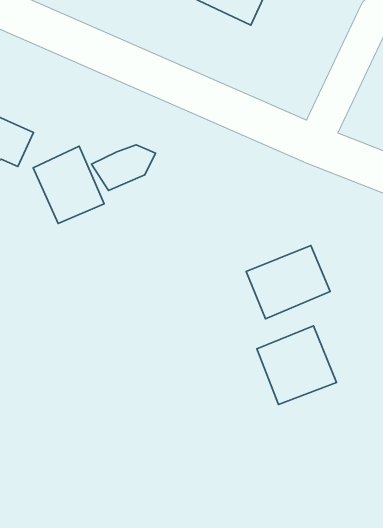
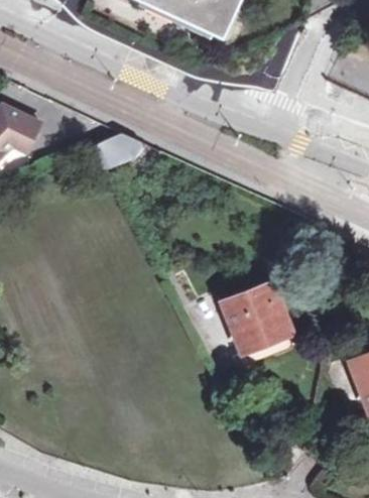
building: [33,146,104,224] -> none
building: [246,246,330,319] -> none

